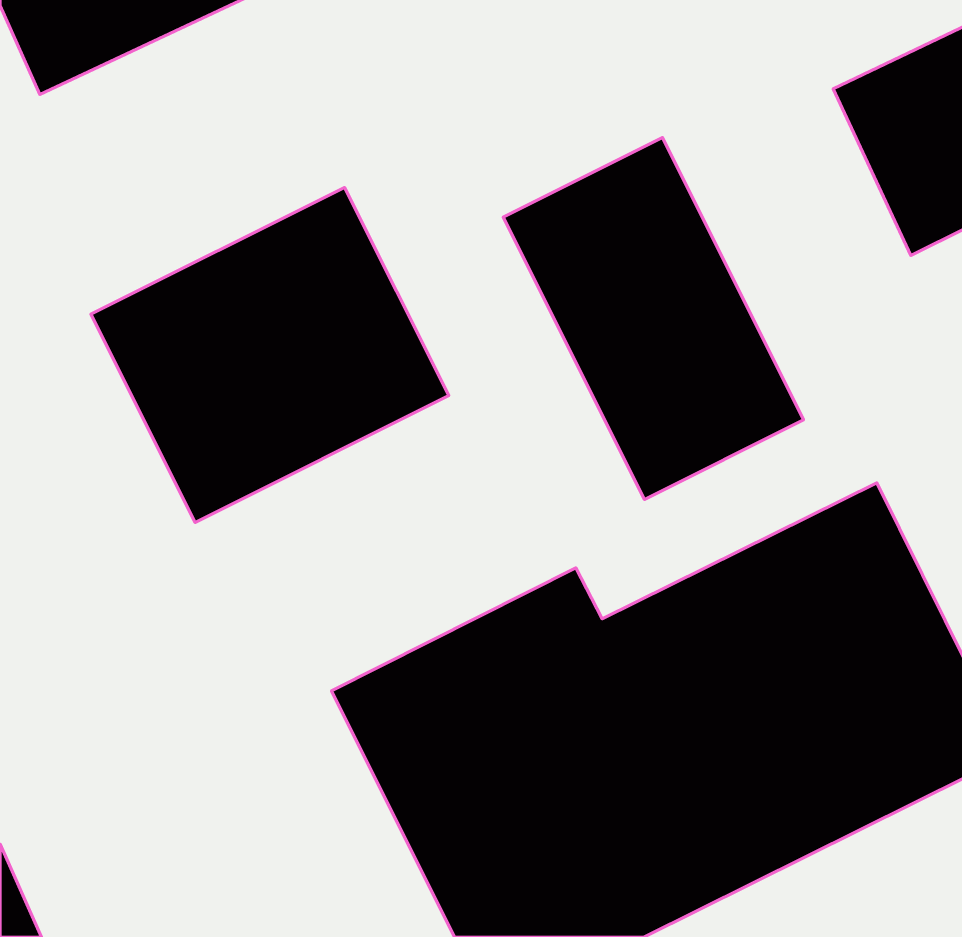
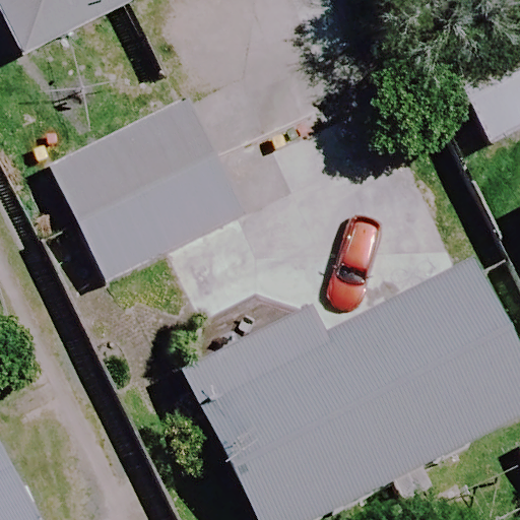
building: [503,137,804,499] -> none

